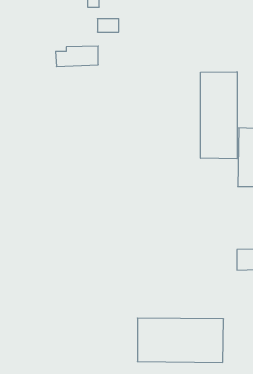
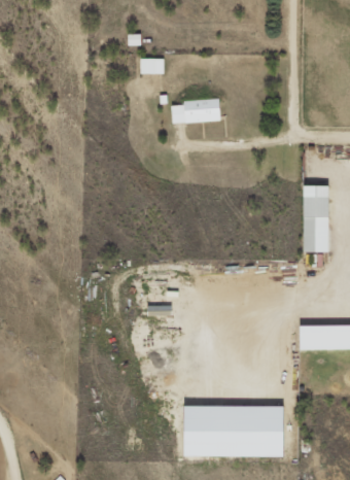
building: [56,46,98,67] -> [170,99,219,123]
building: [201,72,237,159] -> none

